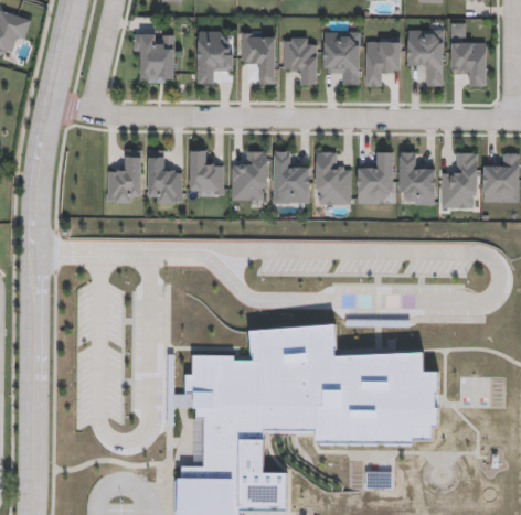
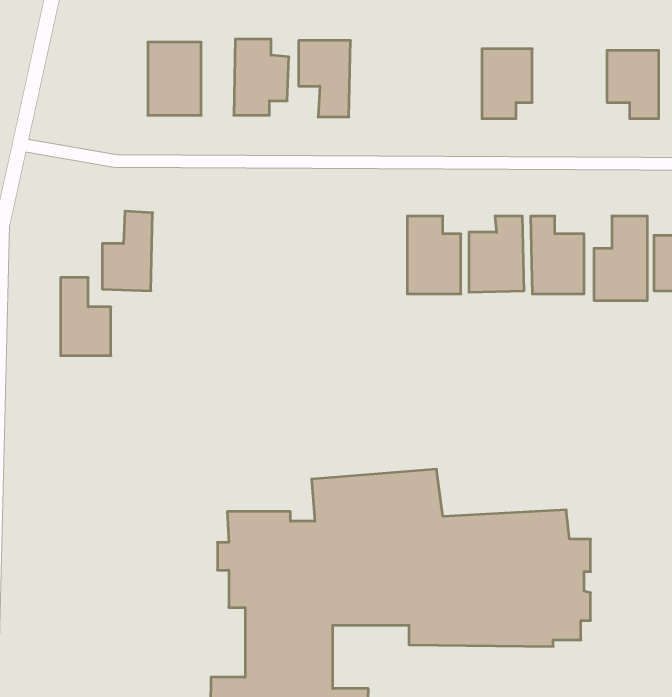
building: [407,30,444,86] -> none
building: [323,32,360,85] -> none
building: [283,37,318,84] -> none
building: [190,150,224,194] -> none
building: [148,151,182,204] -> [61,278,111,356]
building: [232,152,268,201] -> none
building: [273,152,310,204] -> none

